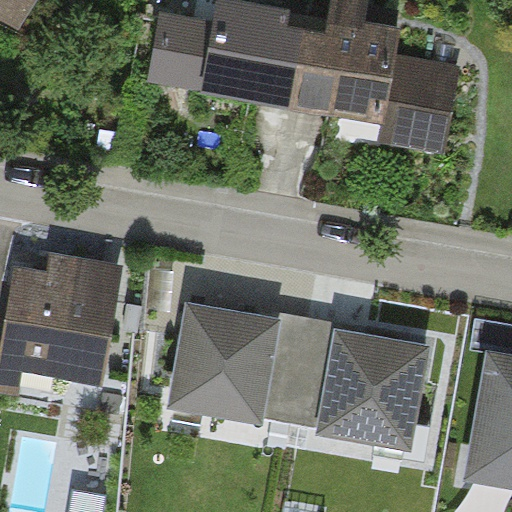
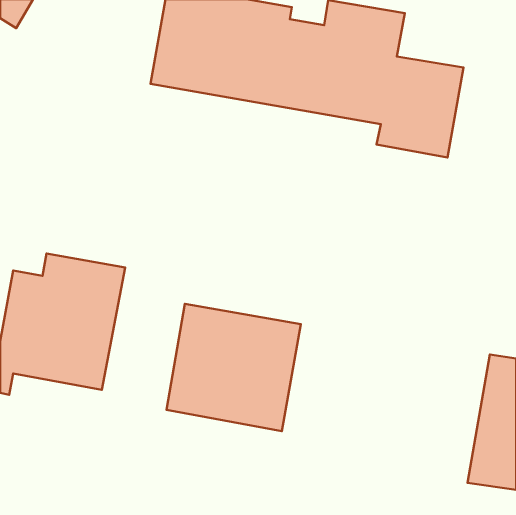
building: [279,321,430,450] -> none

